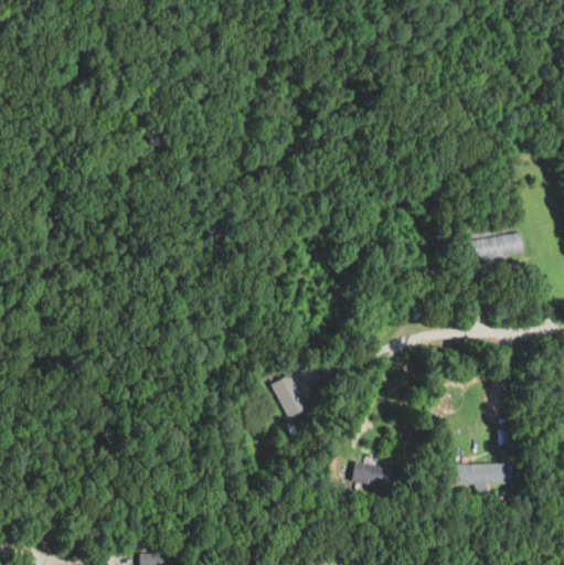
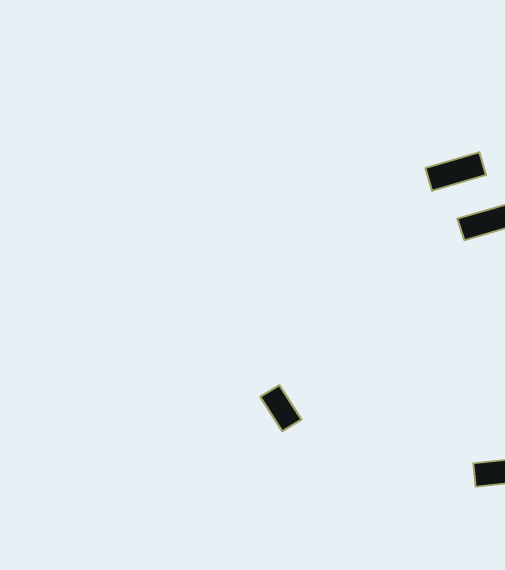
building: none -> [426,152,486,191]
building: [351,462,404,491] -> none

